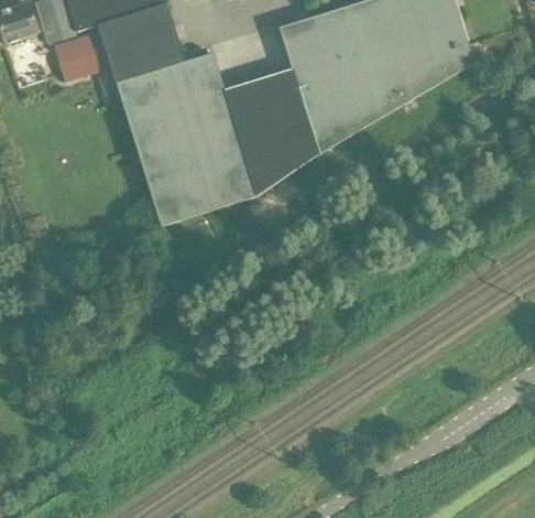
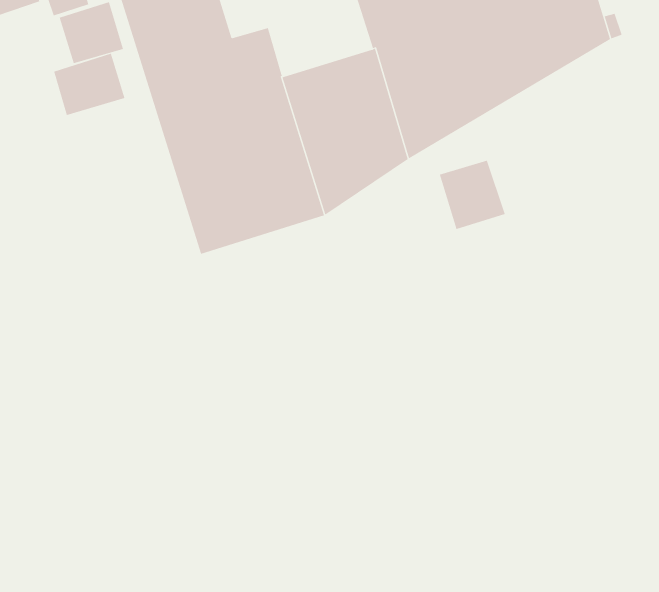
building: none -> [54,53,125,116]
building: none -> [439,160,505,230]

